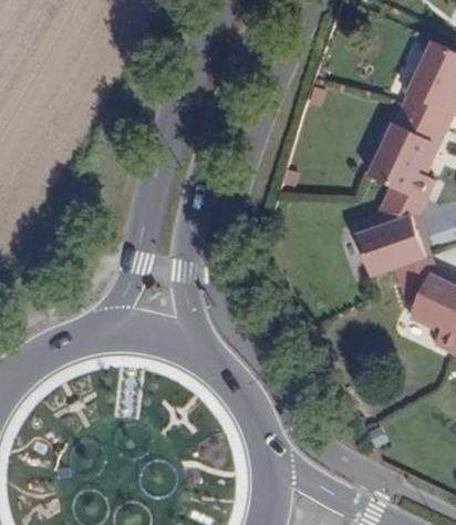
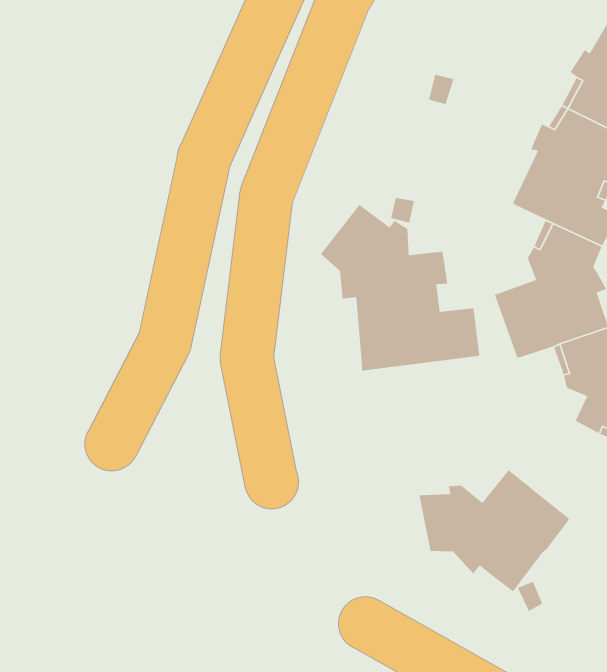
building: none -> [320,204,480,371]
building: none -> [418,469,570,592]

